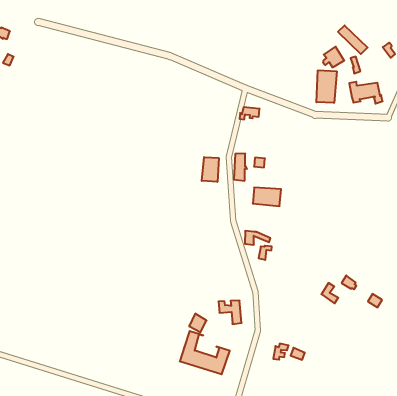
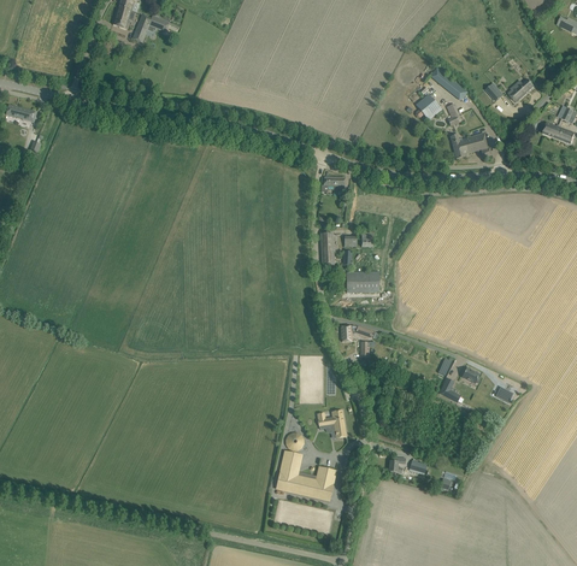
building: [316,70,337,103] -> none
building: [202,157,219,182] -> none

